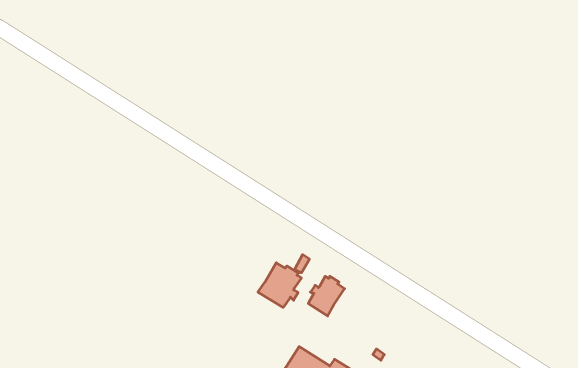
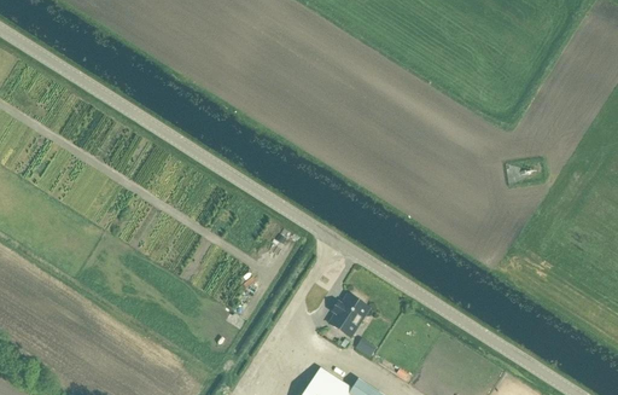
building: [258,263,301,307] -> none

